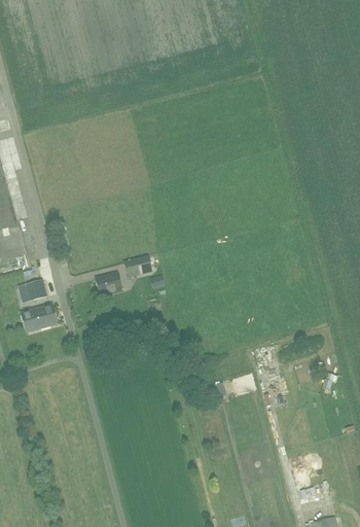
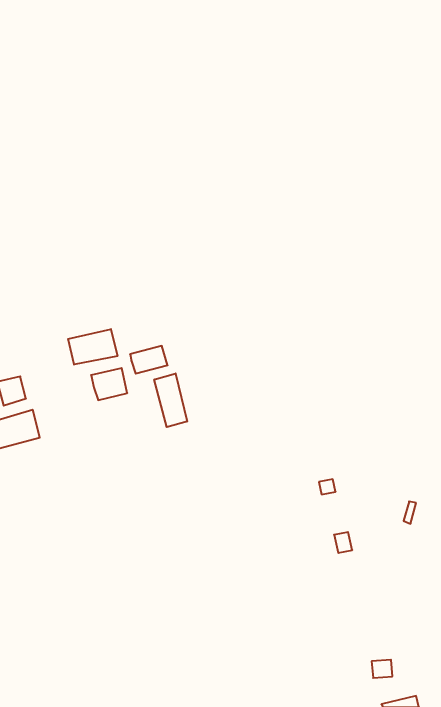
building: none -> [68,329,117,365]
building: none -> [154,373,187,427]

